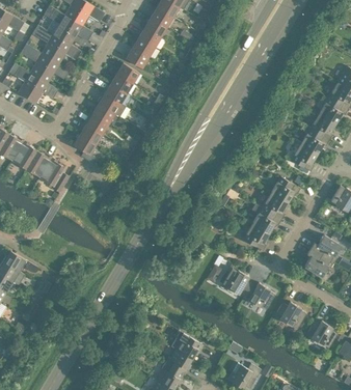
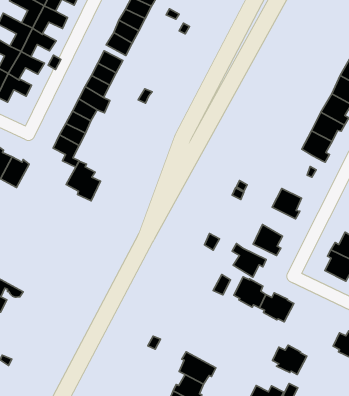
building: [38,158,69,193] -> [66,161,101,201]
building: [270,176,299,202] -> none
building: [251,204,280,234] -> [232,244,266,277]
building: [275,302,305,328] -> [273,345,307,375]

